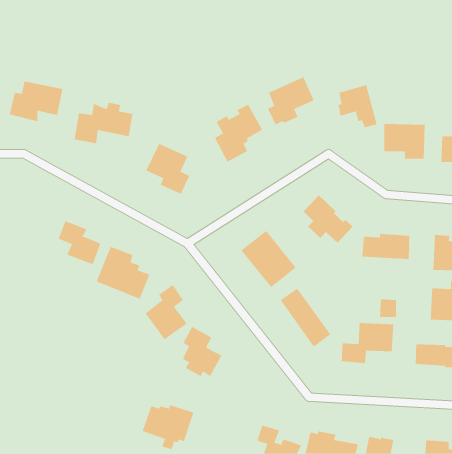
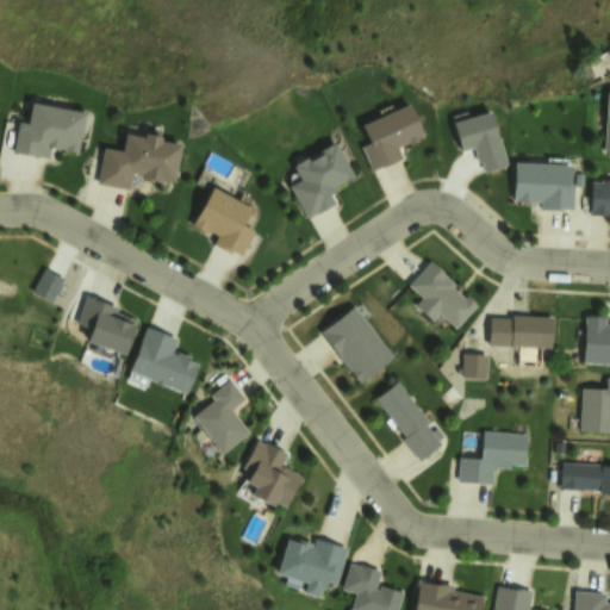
building: none -> [35,273,64,305]
building: [379,299,397,318] -> [461,353,485,378]
building: [142,405,194,450] -> [276,536,347,597]

